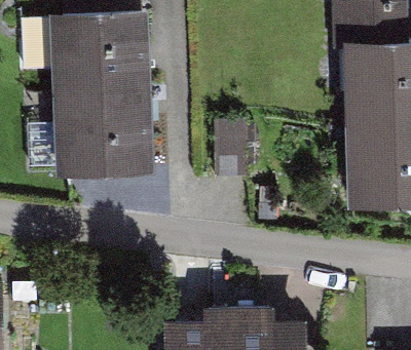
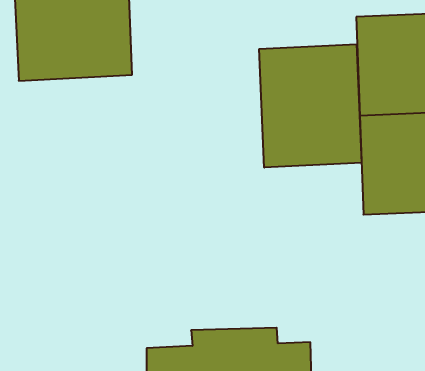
building: none -> [259,44,362,168]
building: [53,91,154,178] -> none

